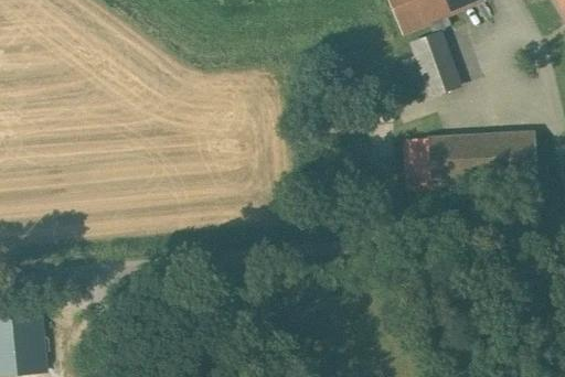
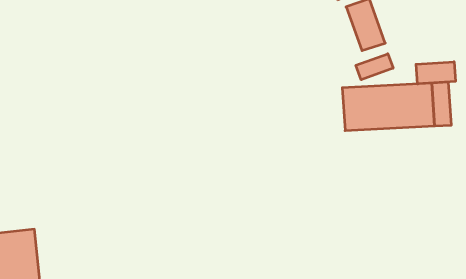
building: none -> [356,54,393,80]
building: none -> [416,62,455,84]

